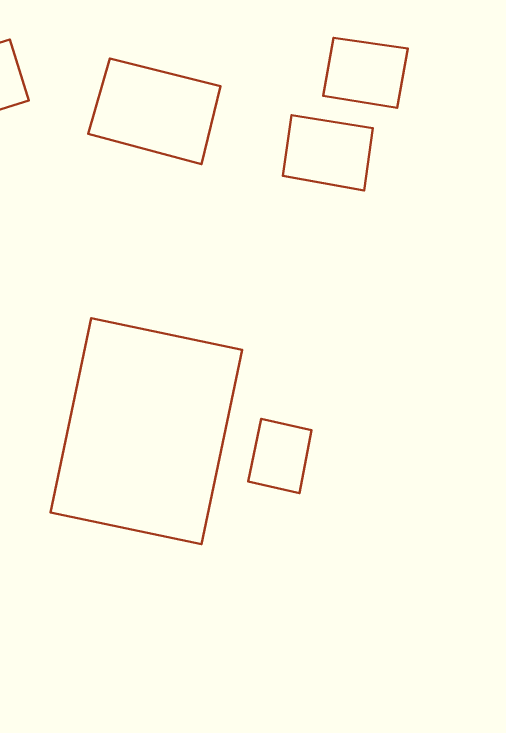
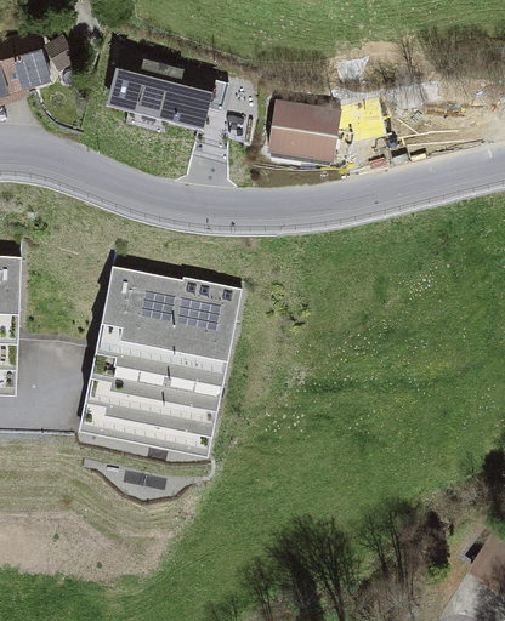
building: [323,38,408,108] -> none
building: [248,419,311,493] -> none

